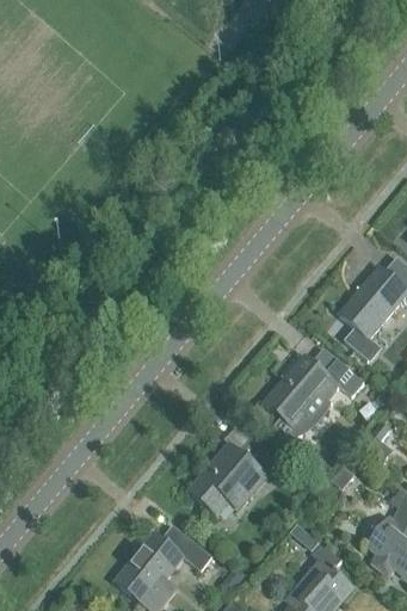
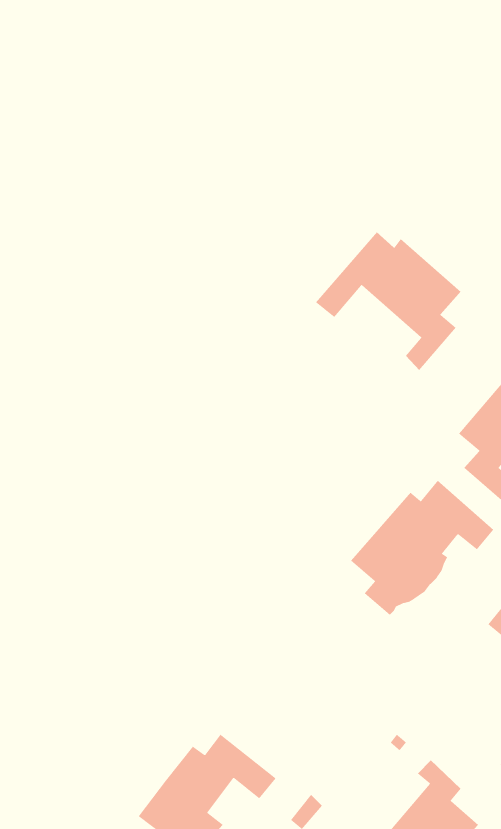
building: none -> [315,231,462,371]
building: [189,436,278,516] -> none

